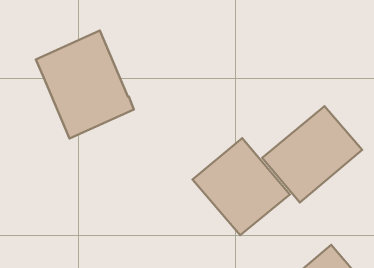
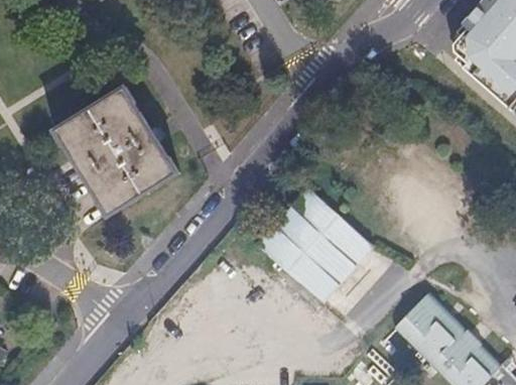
building: [262,106,362,202] -> none

